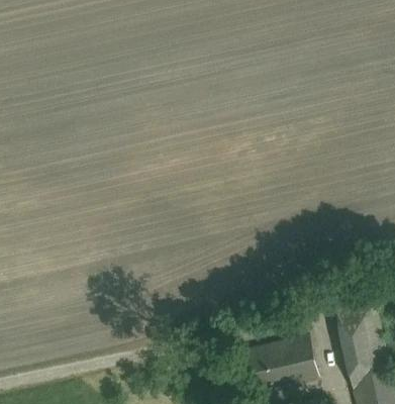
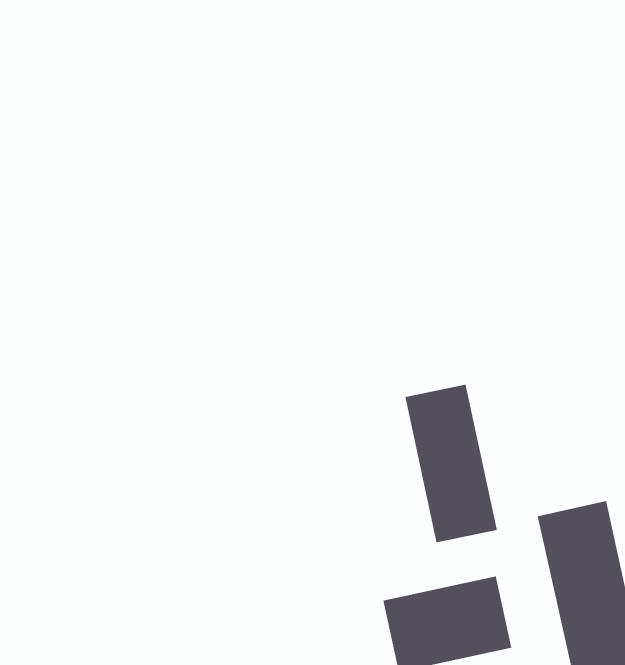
building: none -> [405,384,497,543]

